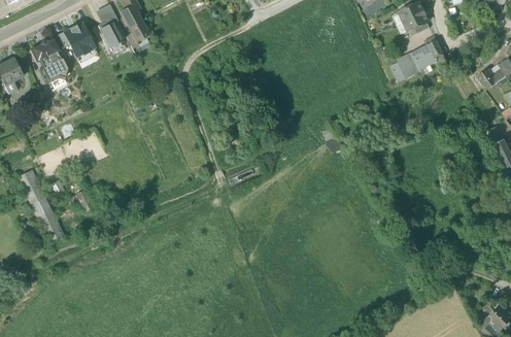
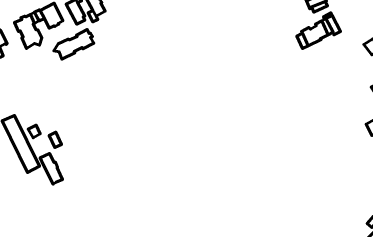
building: none -> [54,30,94,59]
building: none -> [40,153,62,184]

